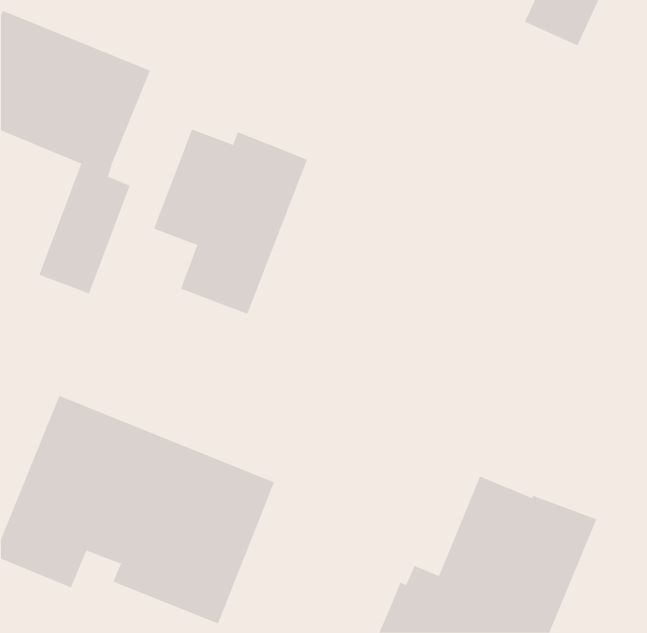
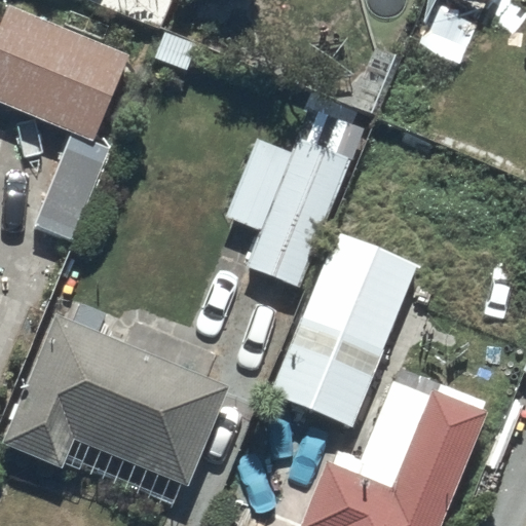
building: [153,129,308,314] -> [226,135,350,284]
building: none -> [270,233,417,425]

